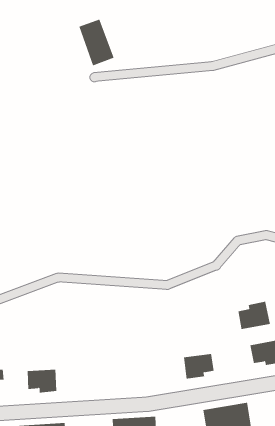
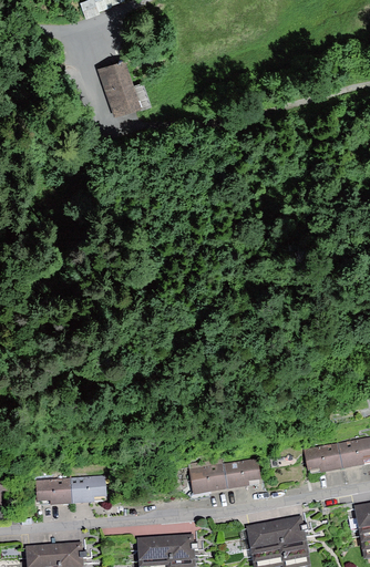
building: [238,301,271,330] -> none
building: none -> [188,457,226,494]
building: none -> [71,475,106,504]

